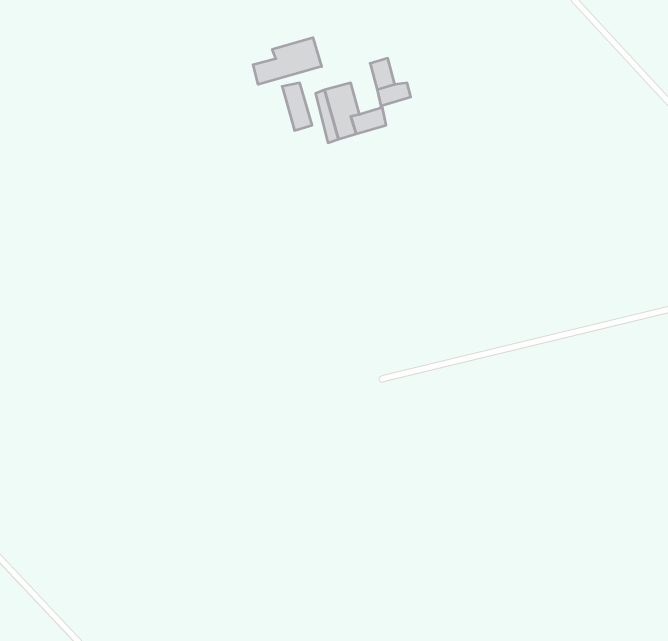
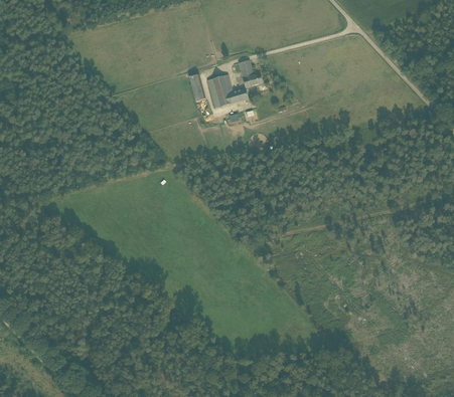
building: [253,38,322,84] -> none

